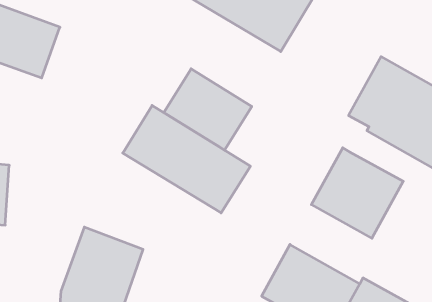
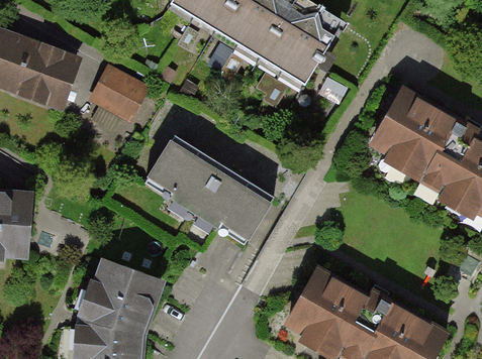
building: none -> [92,68,149,121]
building: [164,69,252,150] -> none
building: [311,148,403,238] -> none

